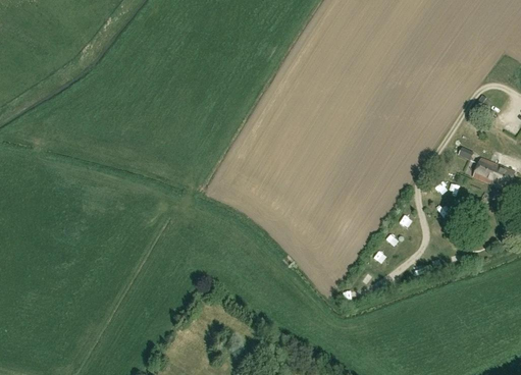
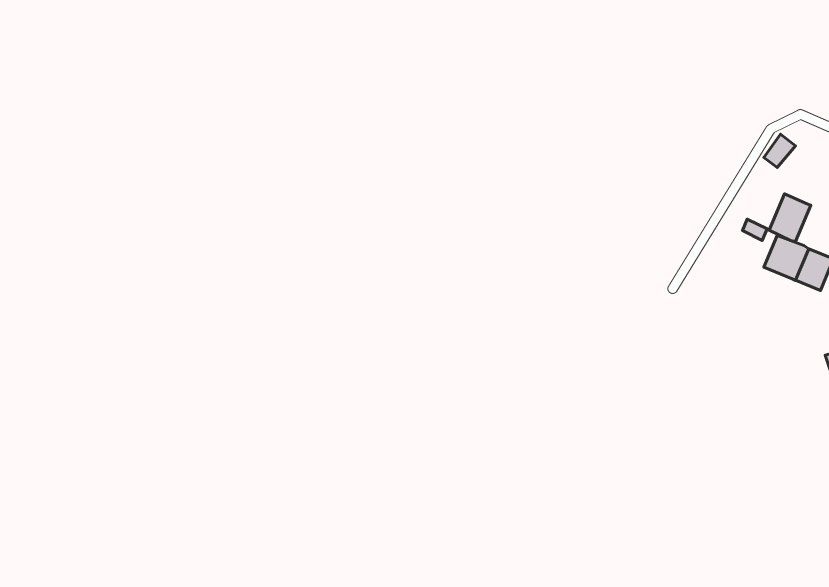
building: none -> [769,194,811,241]

